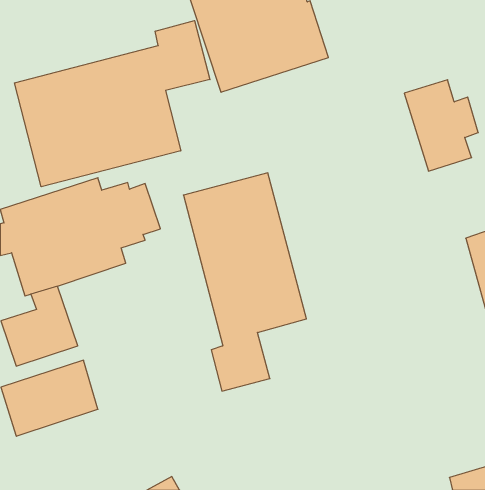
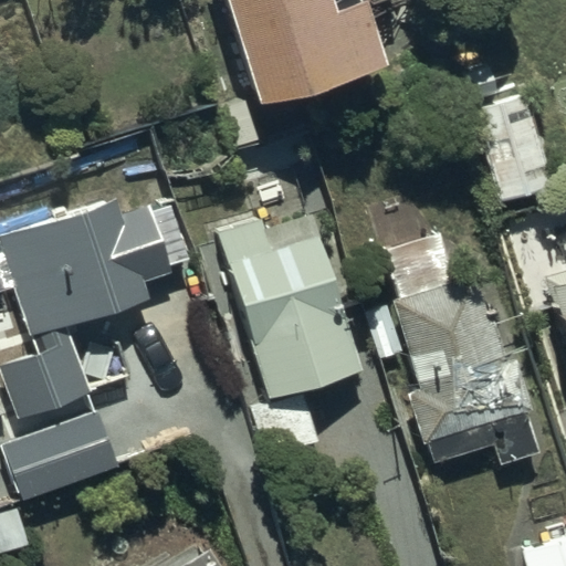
building: [14,21,210,187] -> none
building: none -> [364,254,534,461]

